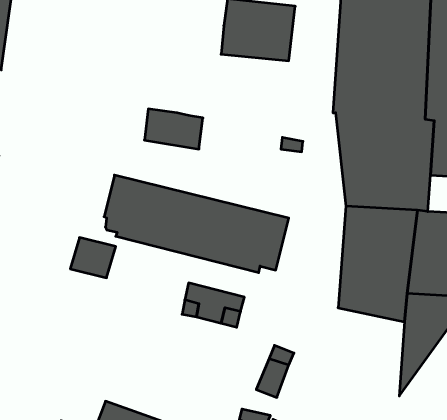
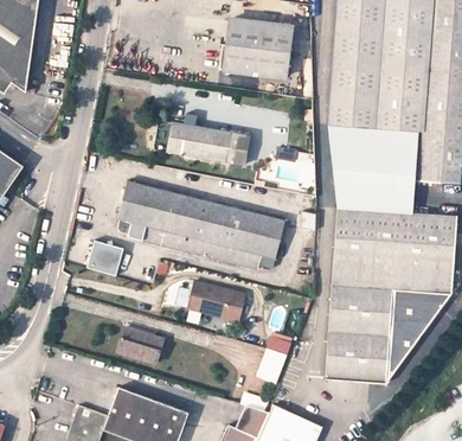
building: none -> [204,128,245,164]
building: none -> [325,301,391,382]
building: none -> [117,327,162,363]

